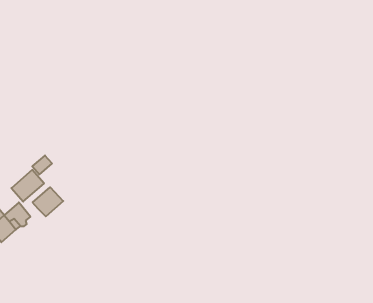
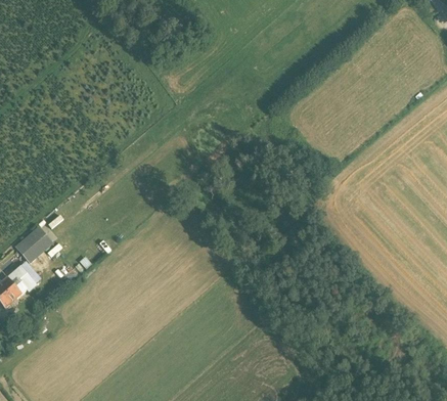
building: [33,187,63,216] -> none

